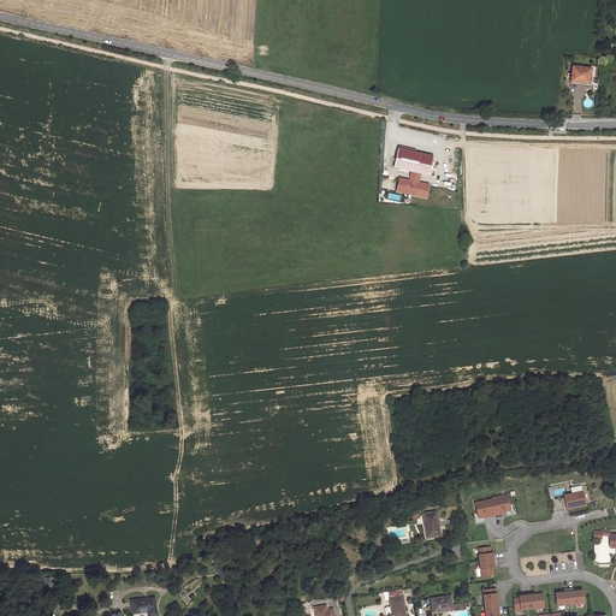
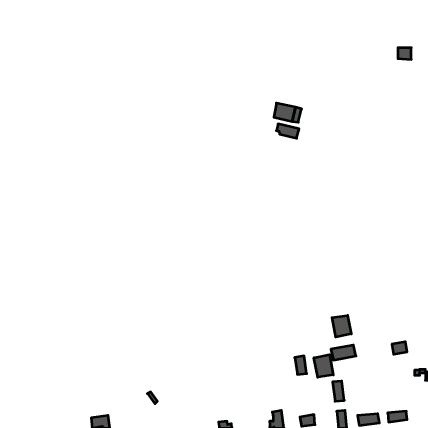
building: none -> [332,315,351,337]
building: none -> [314,355,333,377]

